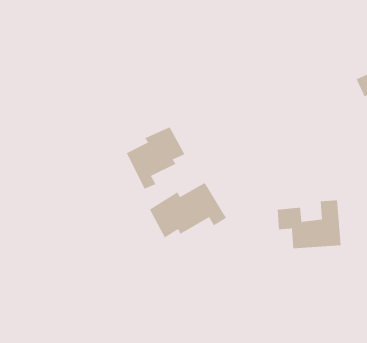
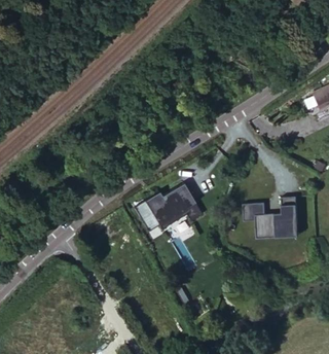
building: [126,126,185,190] -> none

